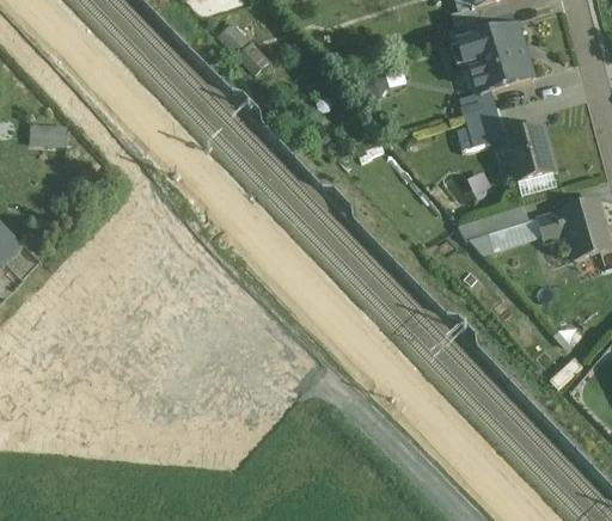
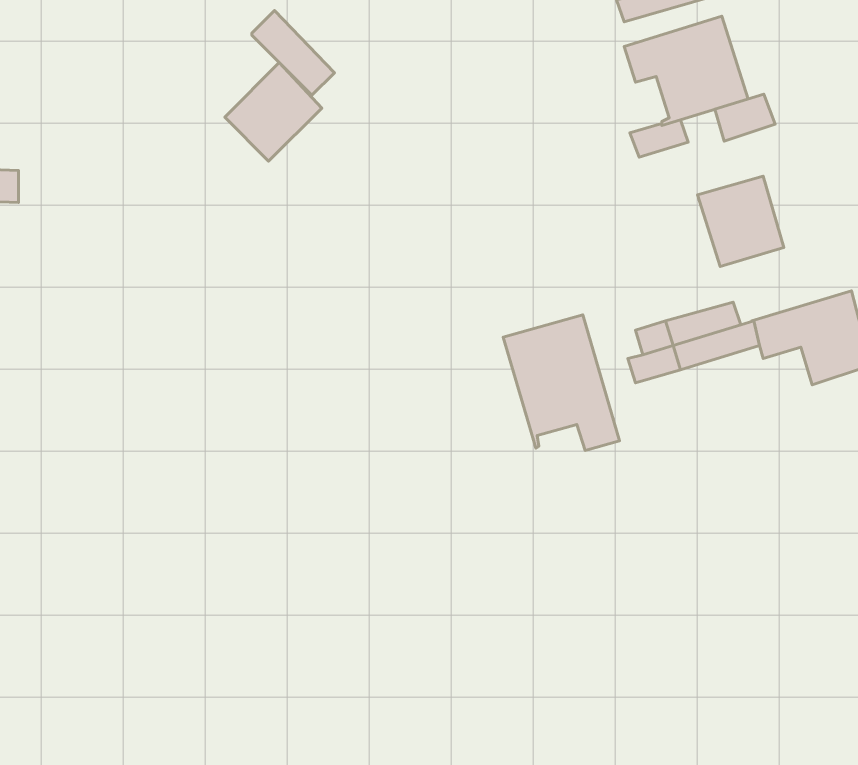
building: none -> [225,63,322,161]
building: [463,104,501,134] -> [715,94,775,141]
building: none -> [503,315,620,451]

